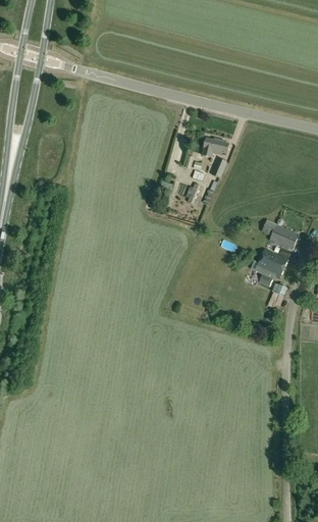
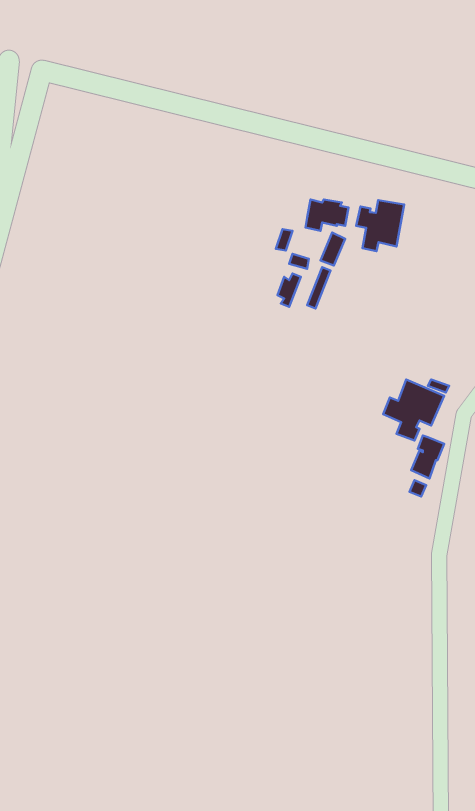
building: none -> [356,200,404,251]
building: [269,223,300,250] -> none

